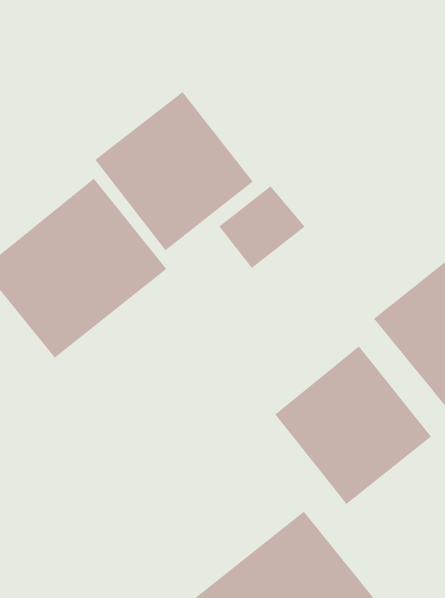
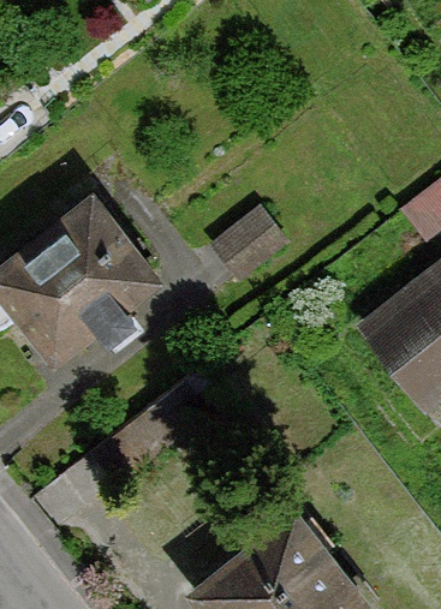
building: [95,91,254,251] -> none
building: [275,346,432,505] -> none

